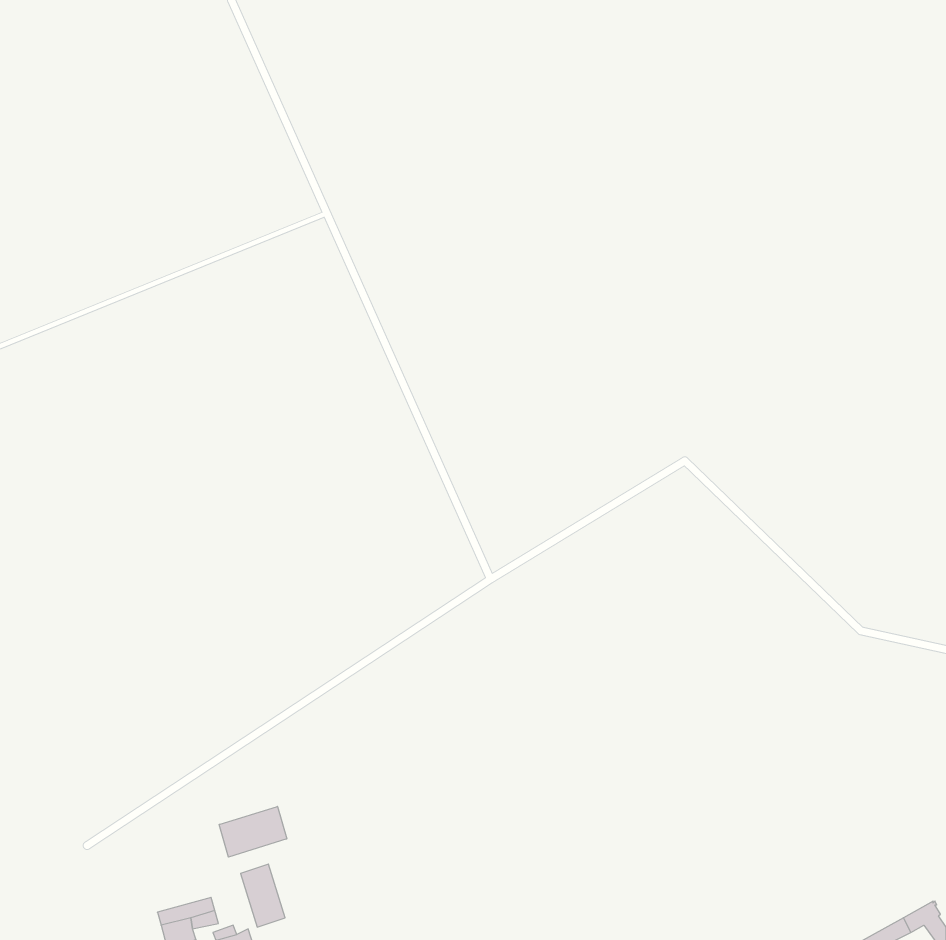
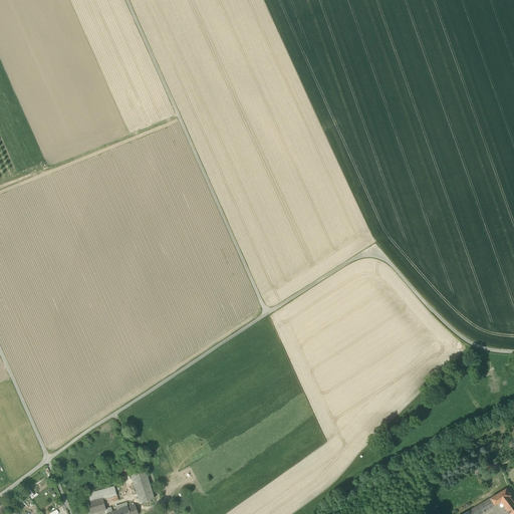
building: [219,806,287,857] -> none

